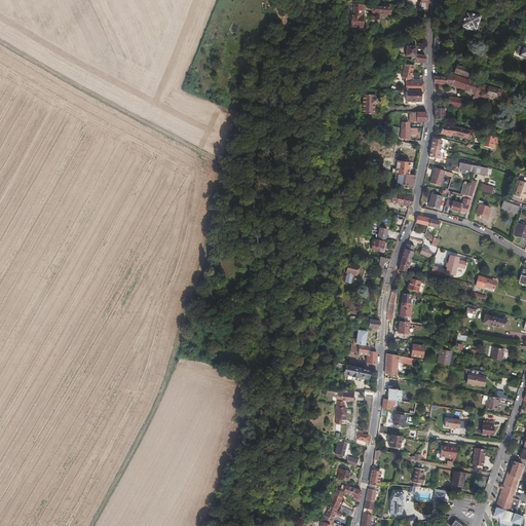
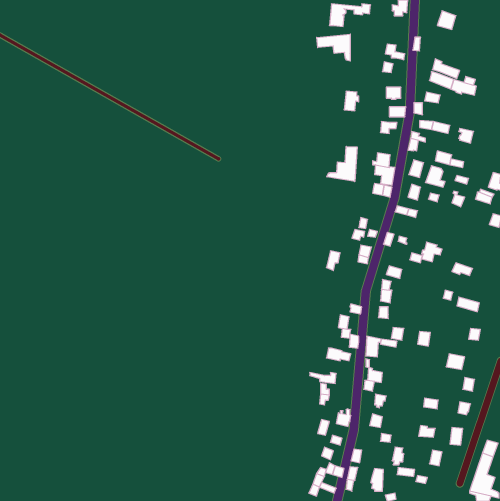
building: none -> [317,34,350,61]
building: none -> [327,146,357,182]

